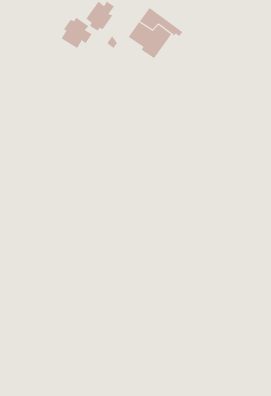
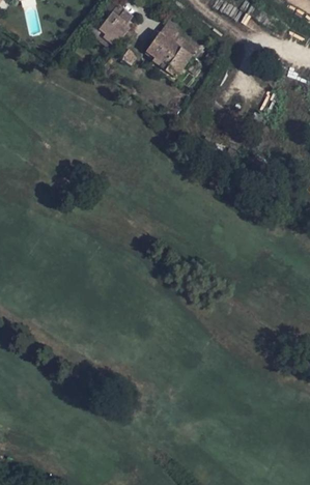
building: [61,17,93,49] -> none

